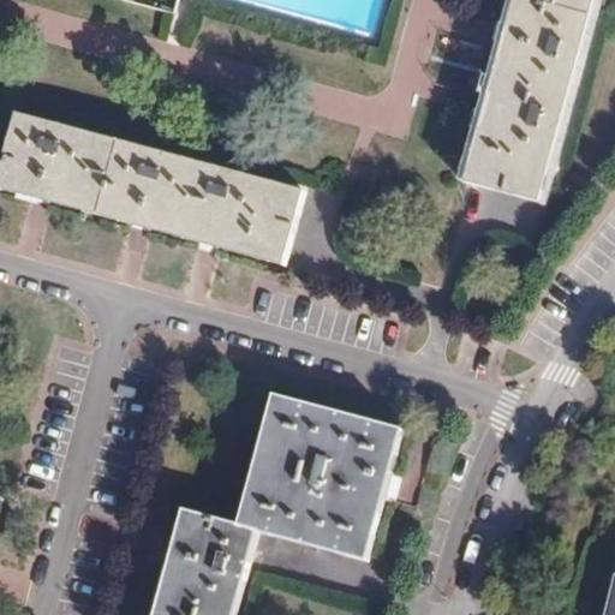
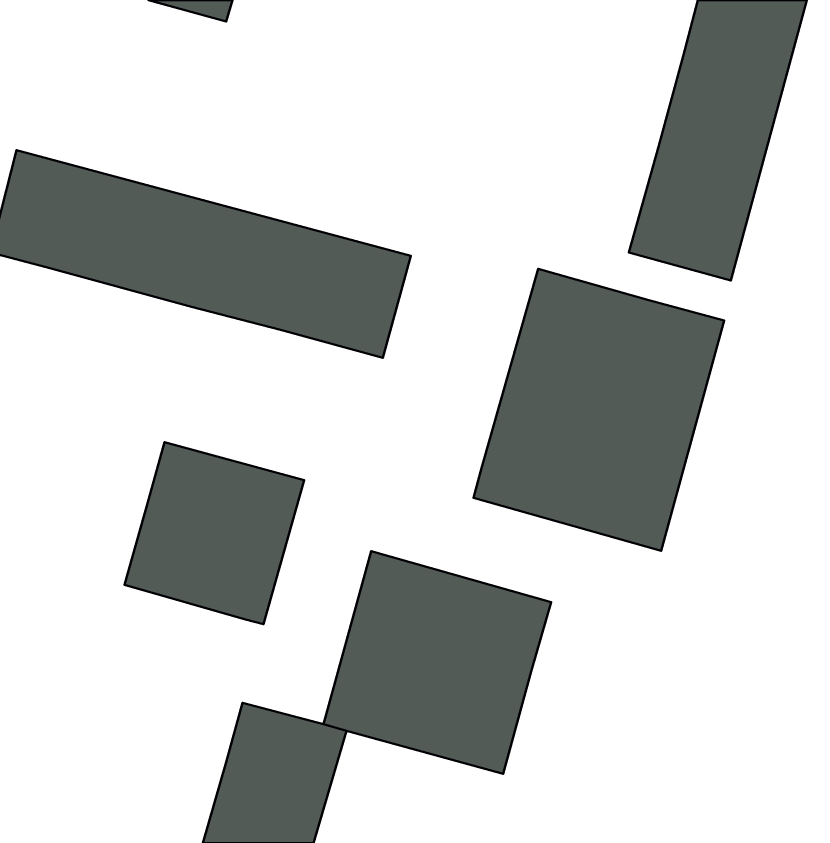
building: none -> [473,269,724,551]
building: none -> [125,442,304,624]

